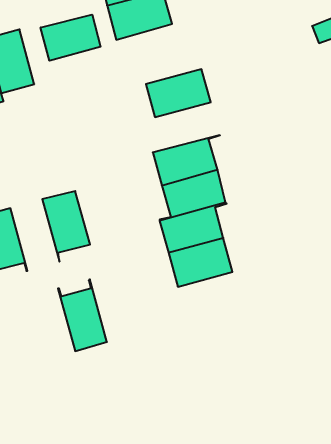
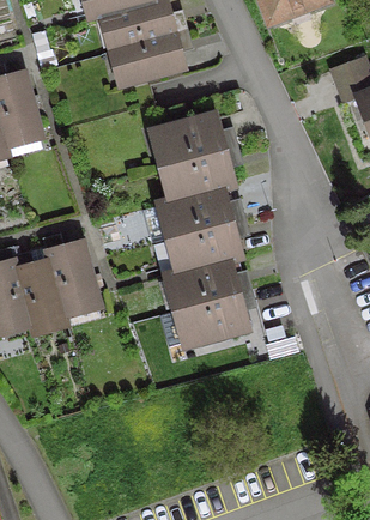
building: [41,15,101,61] -> none
building: none -> [162,151,232,204]
building: [58,279,107,351] -> [12,253,63,328]

